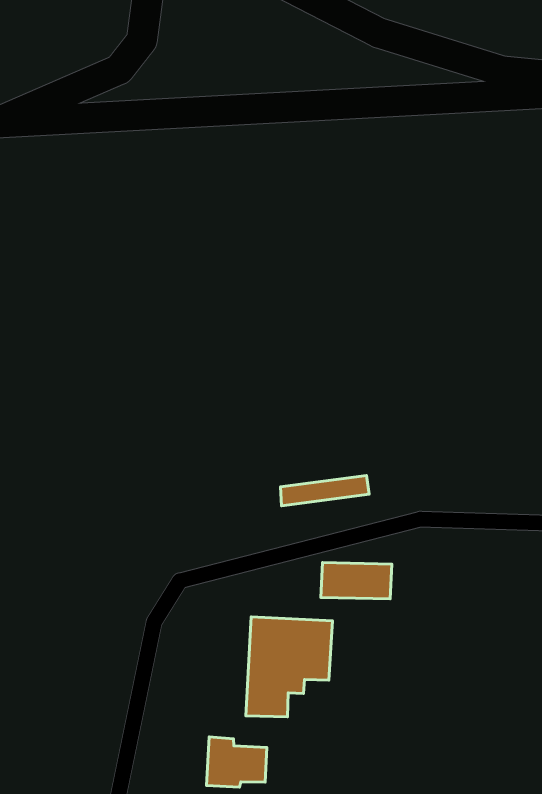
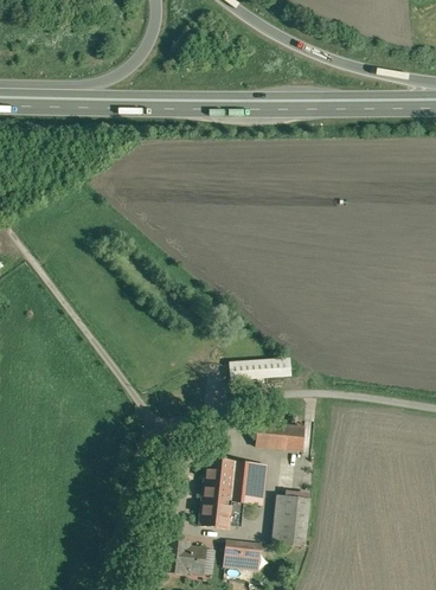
building: none -> [269,494,308,546]
building: none -> [226,541,256,570]

